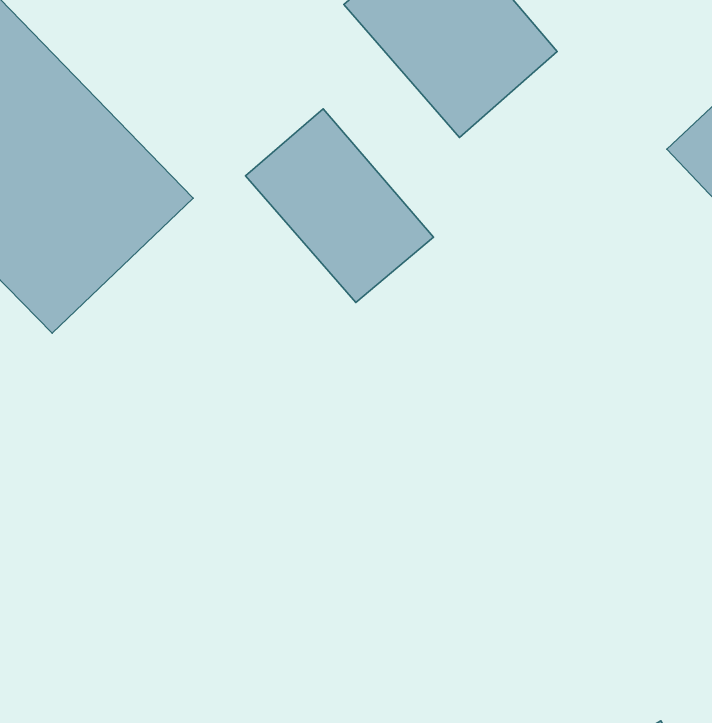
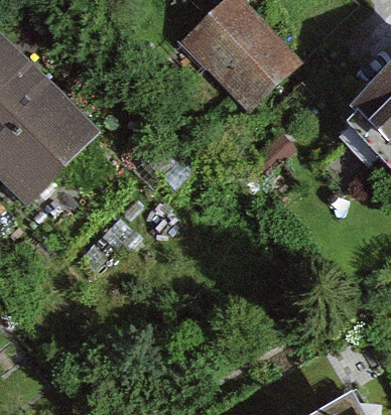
building: [246,109,434,303] -> none

